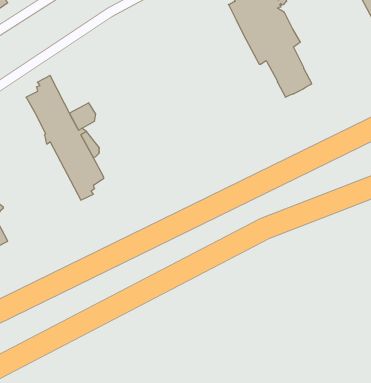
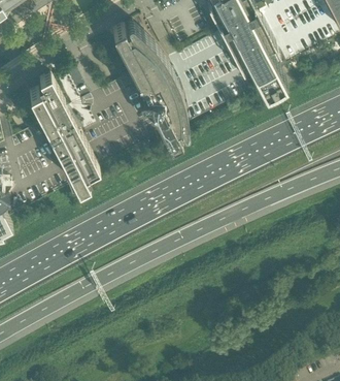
building: none -> [110,24,185,142]

